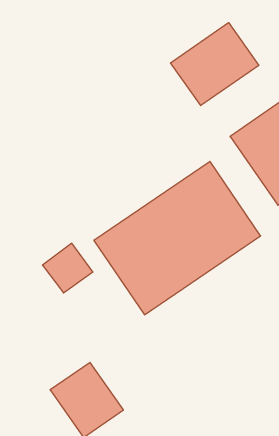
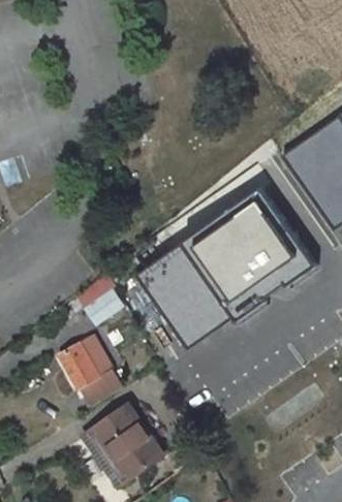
building: [171,23,259,106] -> none
building: none -> [56,338,120,409]

